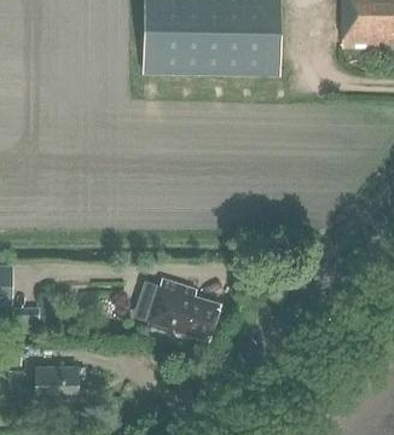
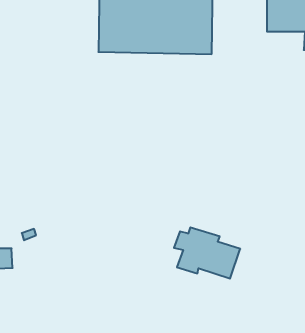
building: [140,279,219,340] -> [174,227,240,279]
building: [35,366,75,398] -> none

